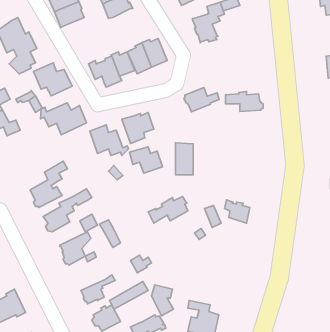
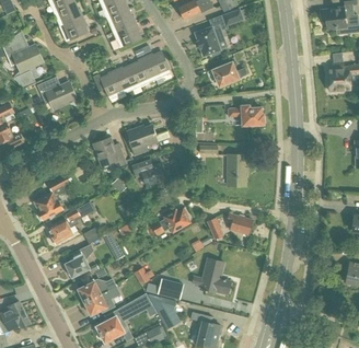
building: none -> [112,22,141,47]
building: [184,87,219,112] -> [212,61,247,85]
building: [40,103,87,135] -> none
building: [176,143,193,175] -> [228,153,245,185]
building: none -> [192,257,231,291]
building: none -> [78,277,116,301]
building: none -> [146,278,183,299]

